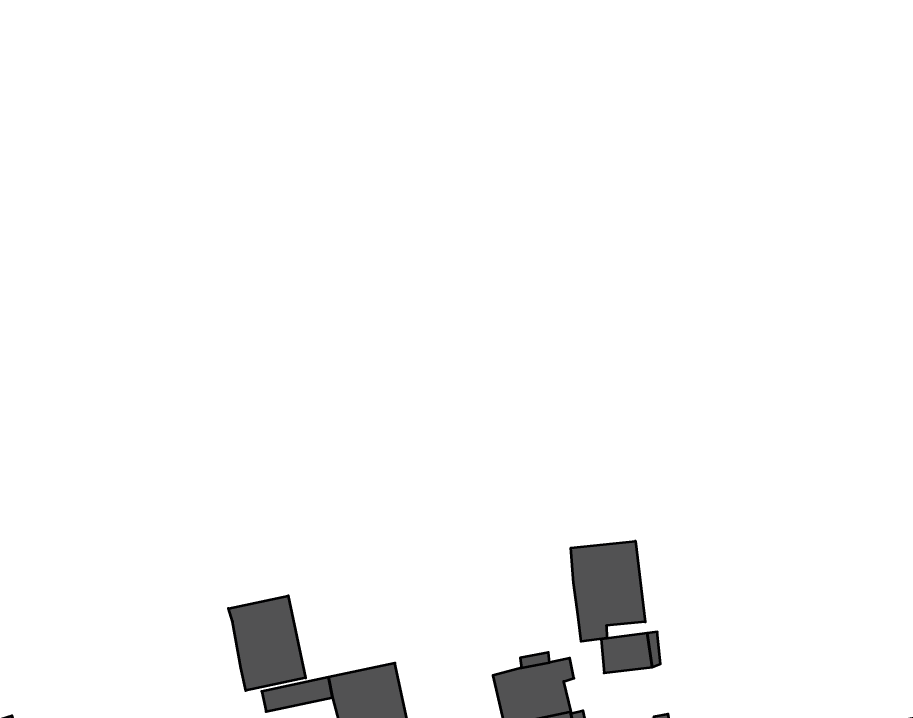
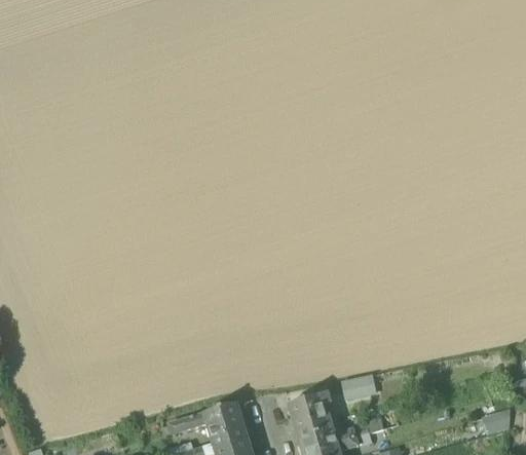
building: [571,541,645,641] -> none
building: [228,596,306,691] -> none

